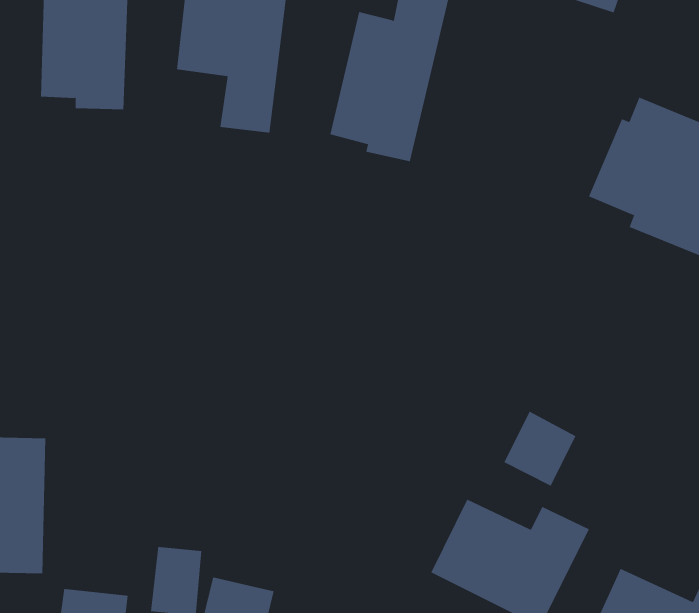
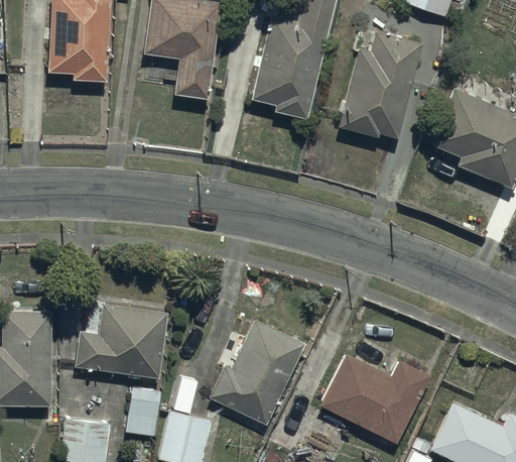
building: none -> [339,33,421,139]
building: [504,411,576,486] -> none
building: none -> [75,303,170,379]
building: none -> [211,320,306,425]

